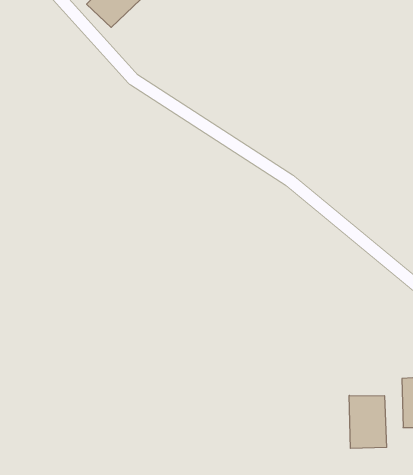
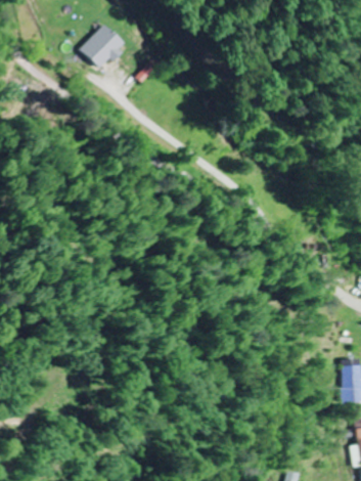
building: [349,395,387,448] -> none

